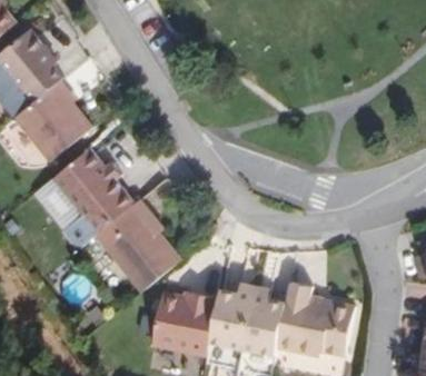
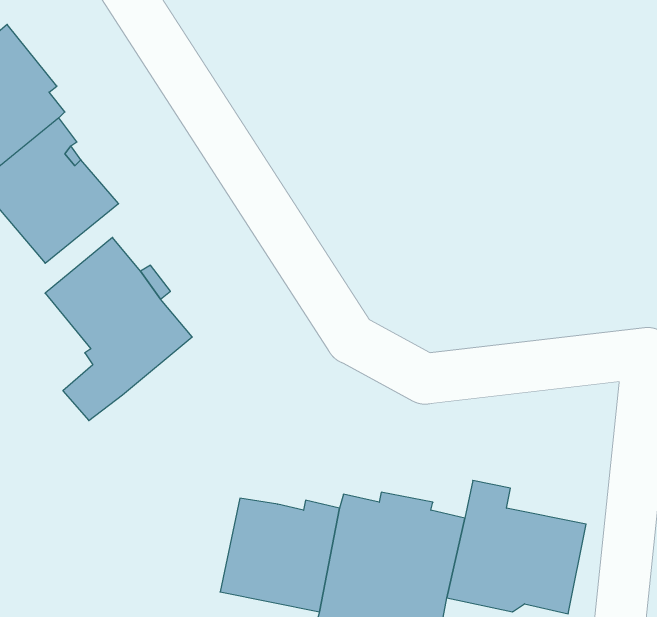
building: [96,199,180,291] -> none

